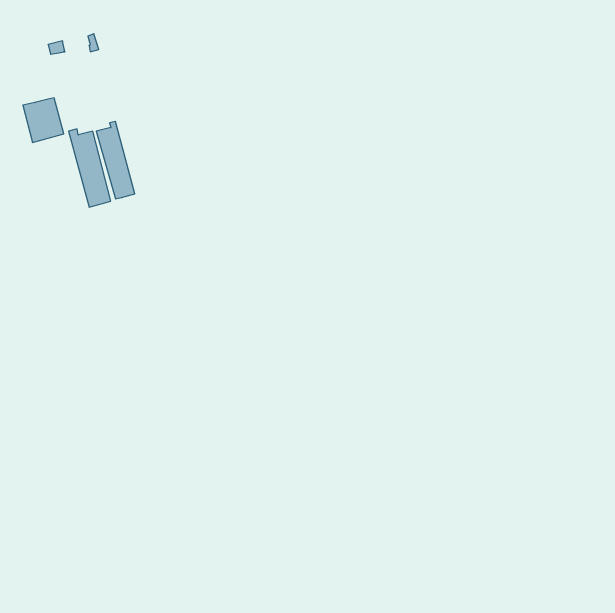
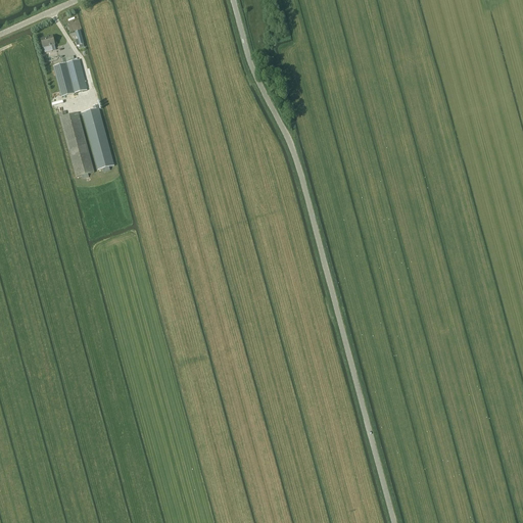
building: [23,98,64,142] -> [53,58,88,96]

